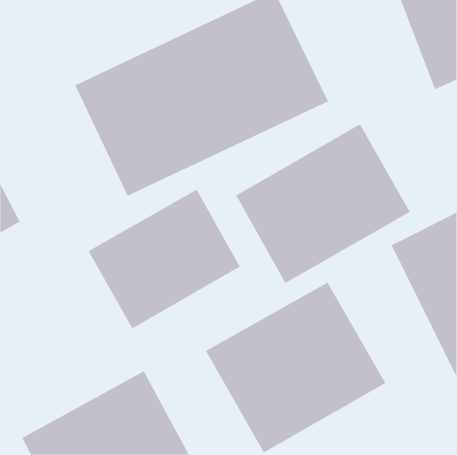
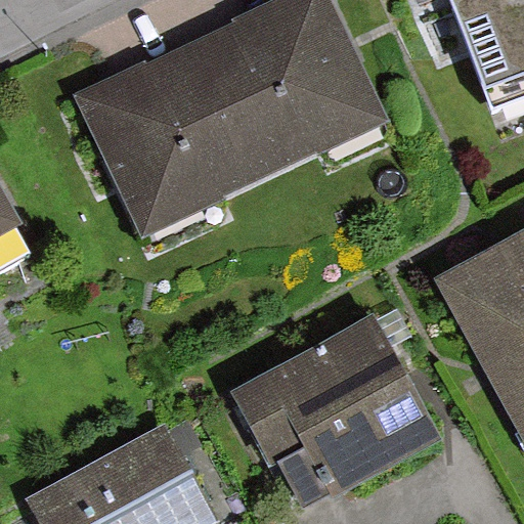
building: [236,123,410,284] -> none
building: [88,189,241,329] -> none

